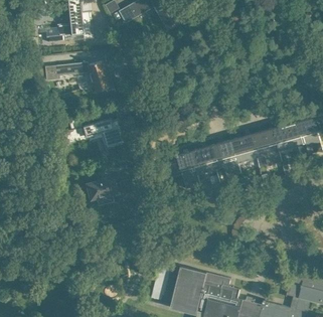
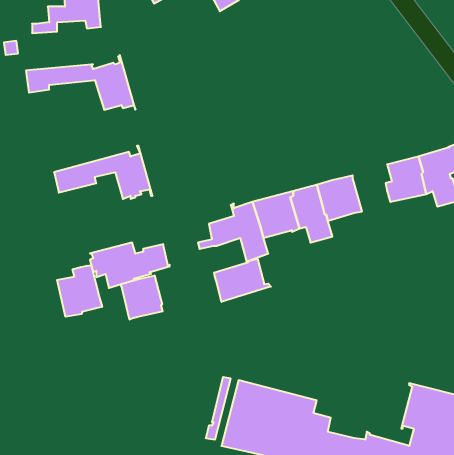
building: [253,128,280,167] -> none
building: none -> [214,259,271,302]
building: none -> [57,265,102,317]
building: none -> [120,275,163,320]

